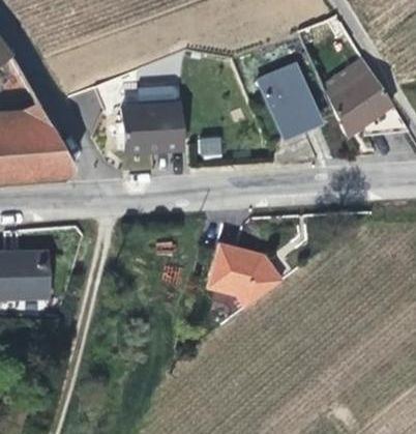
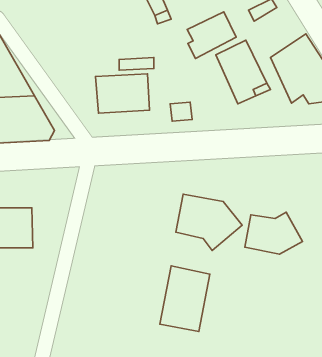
building: none -> [187,12,236,59]
building: none -> [245,212,303,254]
building: none -> [160,266,210,332]

